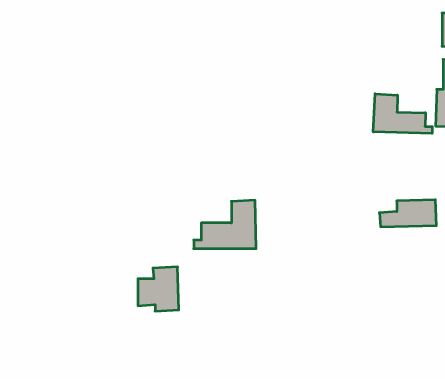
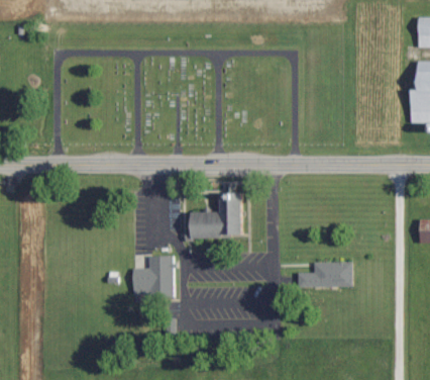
building: [373,94,432,133] -> none
building: [379,200,436,227] -> [297,263,350,288]

